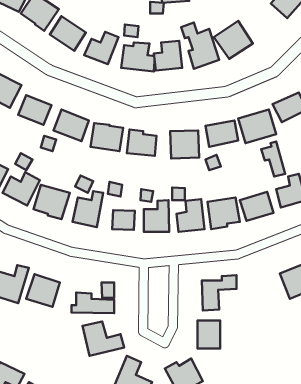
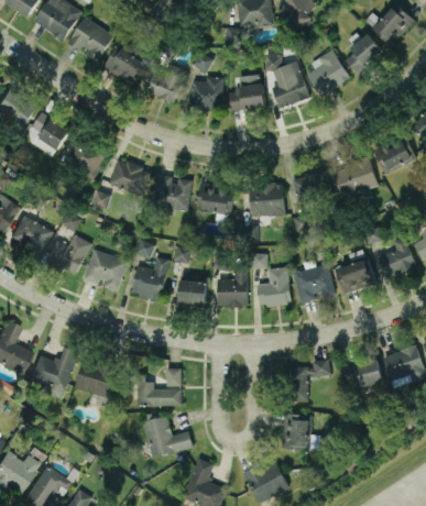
building: none -> [342,35,383,74]
building: [261,142,285,176] -> none
building: none -> [345,359,383,391]

